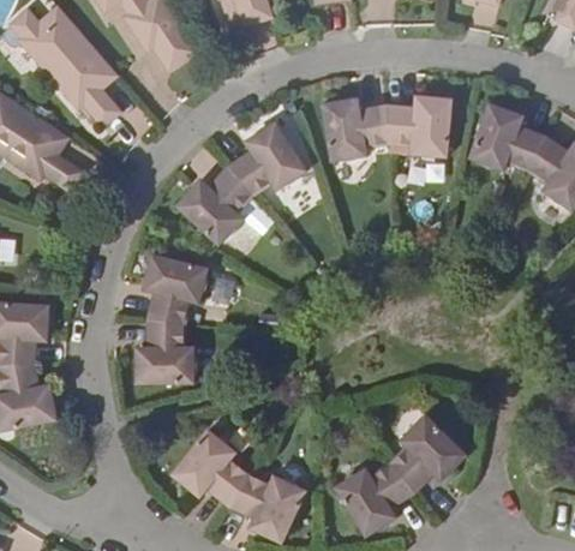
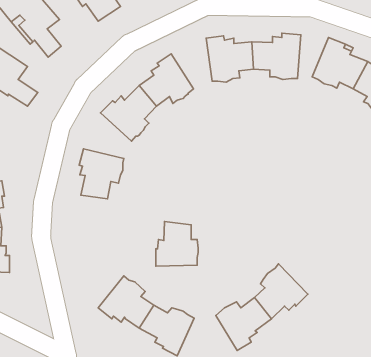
building: [134,319,193,382] -> [156,222,198,266]

